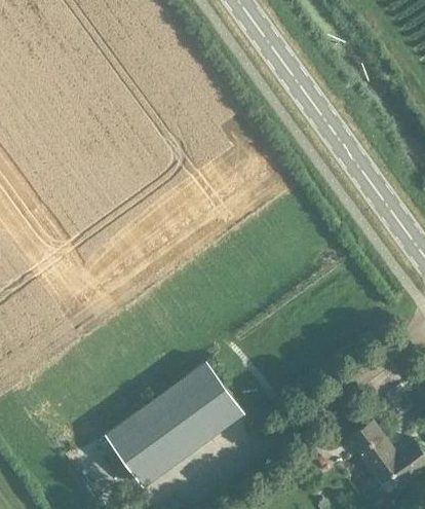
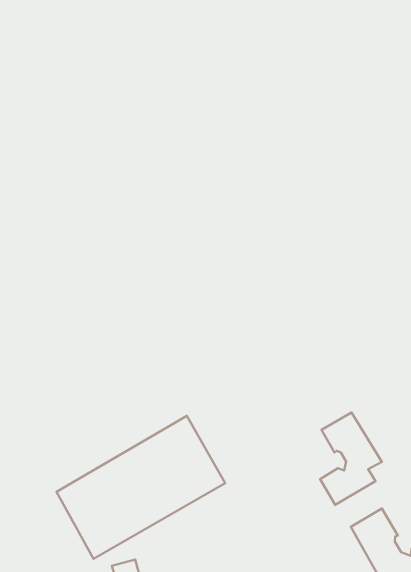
building: none -> [320,412,382,505]

